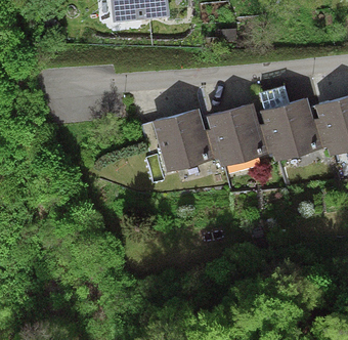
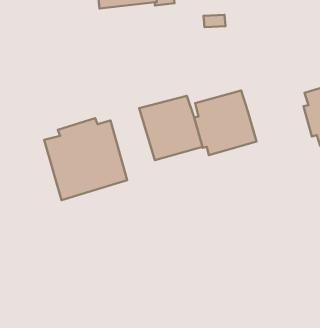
building: [259,97,321,161] -> none
building: none -> [44,118,127,200]

